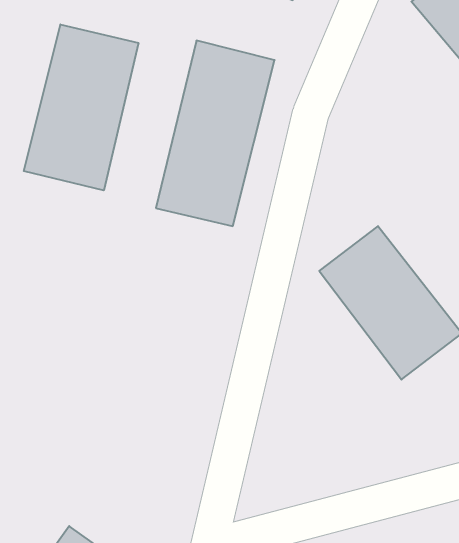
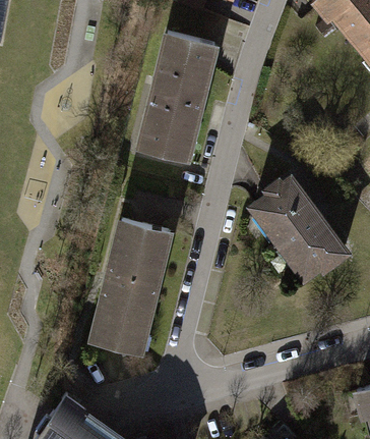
building: [24,24,138,190] -> none
building: none -> [82,223,171,362]

